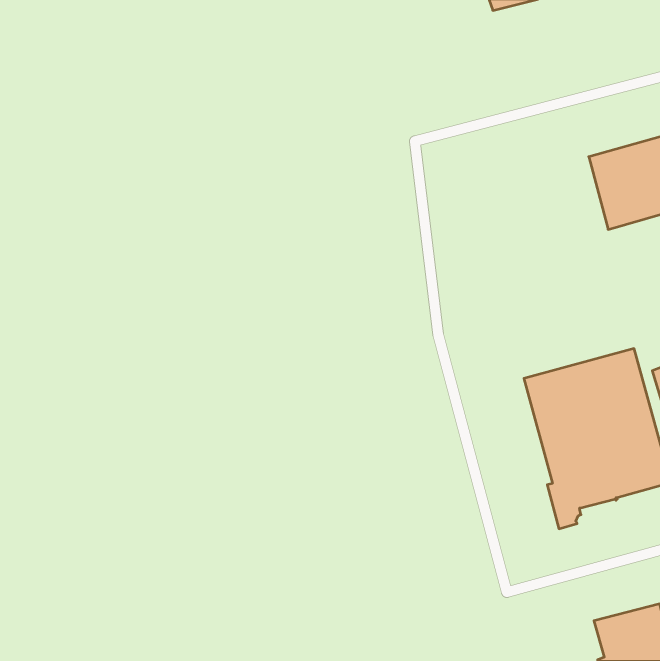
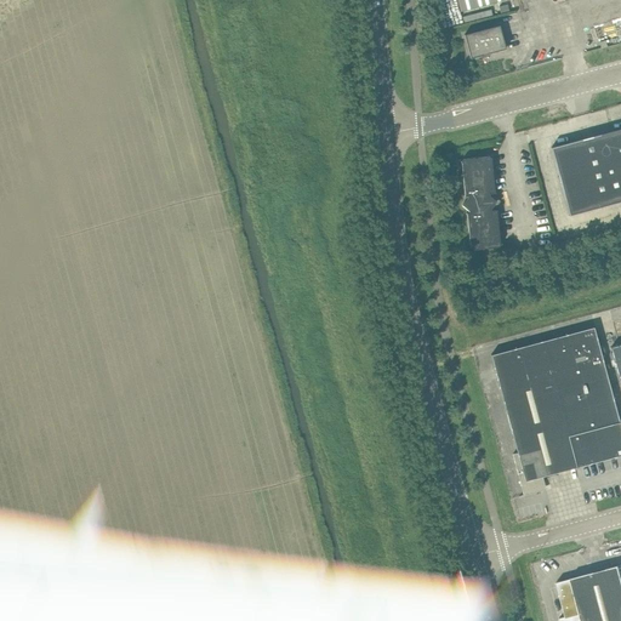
building: none -> [466,24,508,57]
building: none -> [463,155,502,250]

